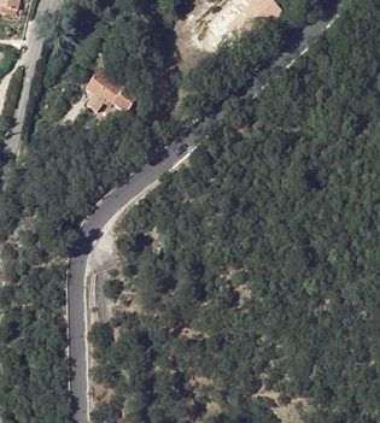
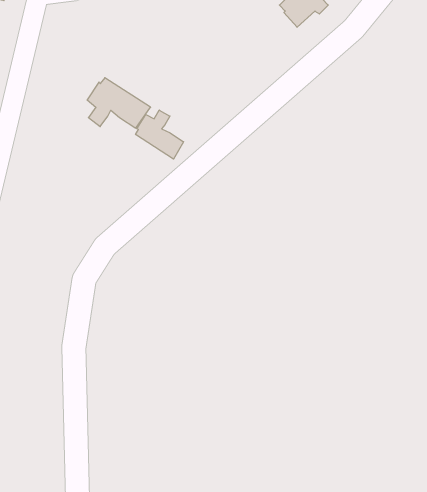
building: none -> [136,110,184,159]

